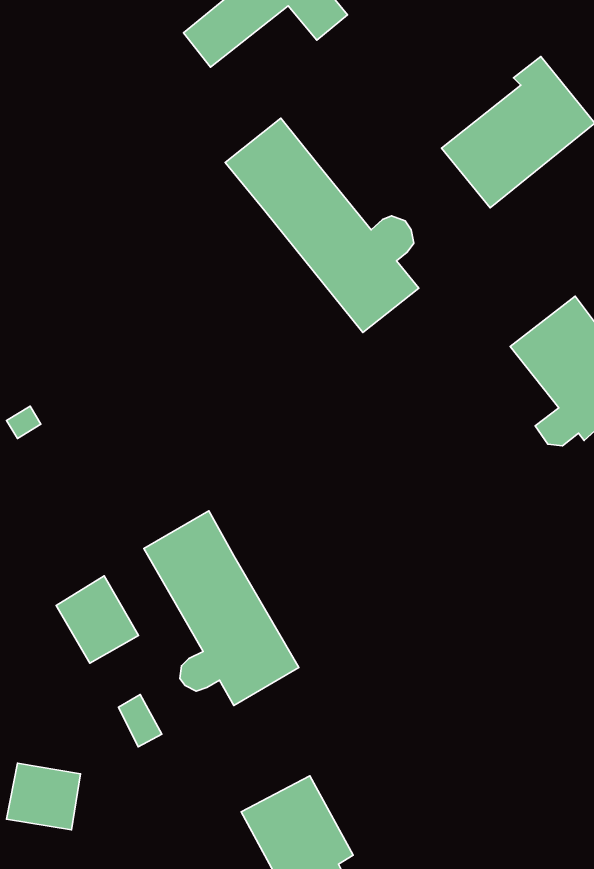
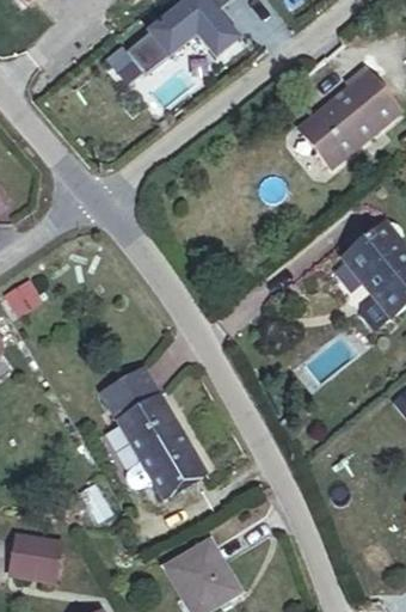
building: [225,118,419,333] -> none
building: [56,576,139,663] -> none

